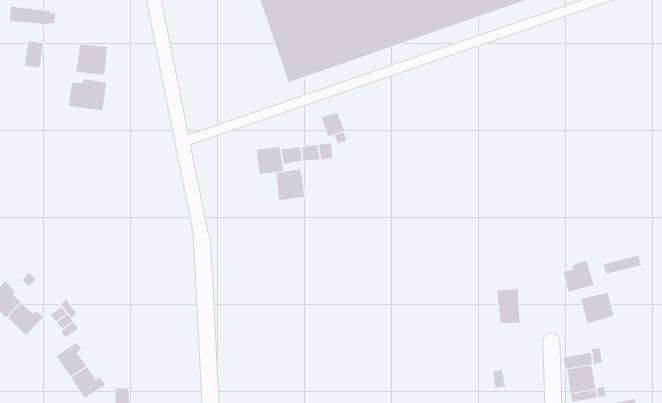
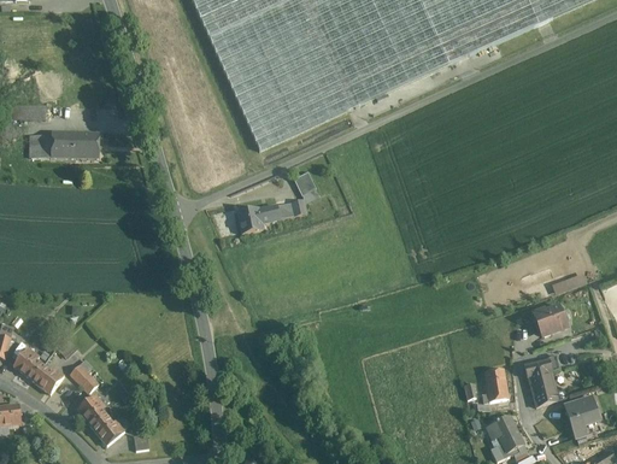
building: [68,79,107,111] -> [41,130,74,157]
building: [276,169,305,201] -> none
building: [563,260,594,292] -> none
building: [496,288,521,324] -> [484,369,509,401]

